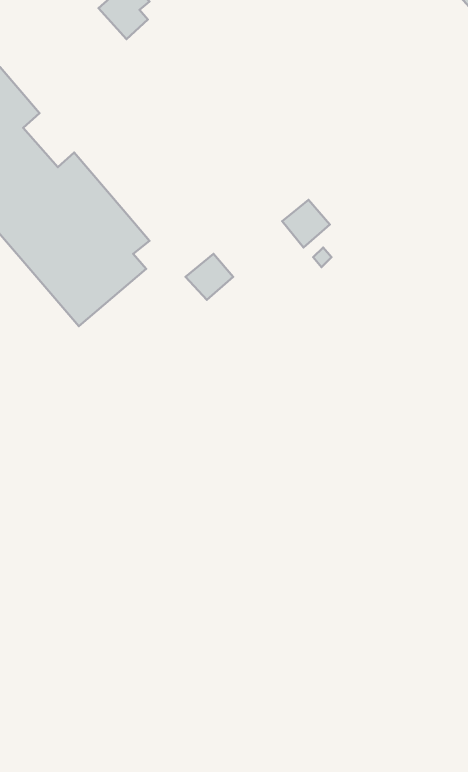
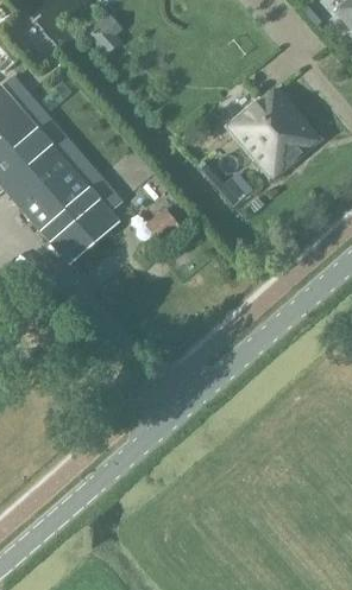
building: none -> [226,87,320,179]

